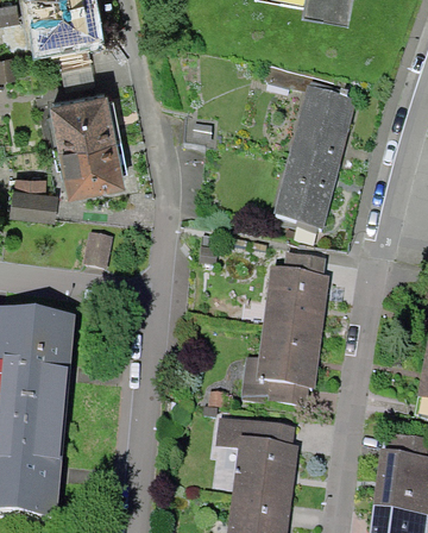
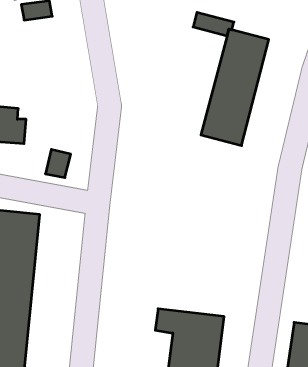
building: [56,93,132,199] -> none
building: [239,252,327,408] -> none

